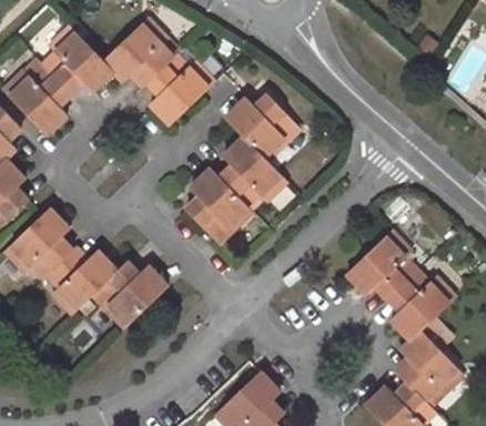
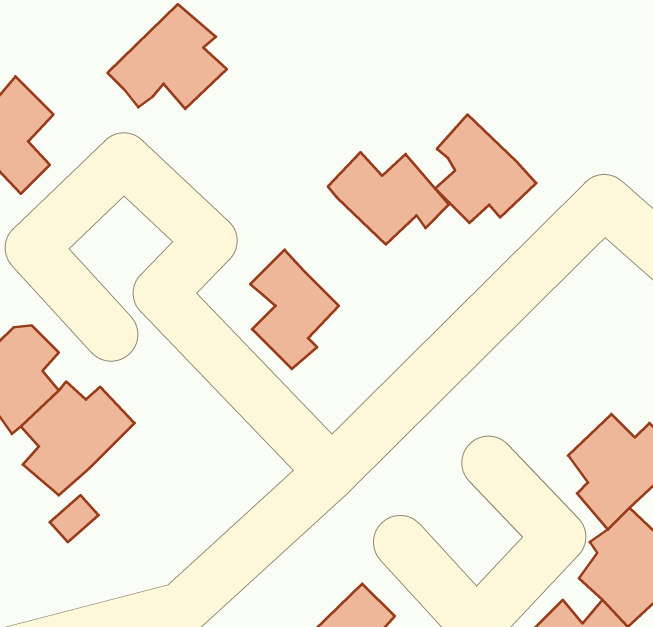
building: [45,26,112,90] -> none
building: [148,57,215,125] -> none
building: [223,135,285,202] -> [435,115,536,223]
building: [344,227,412,294] -> none
building: [91,270,169,327] -> none

